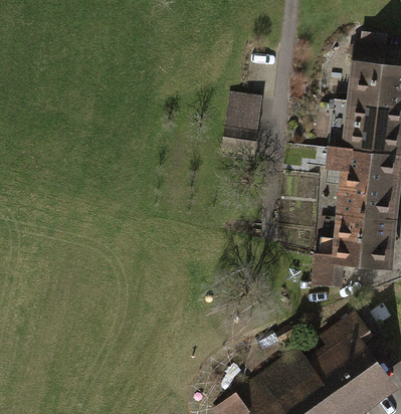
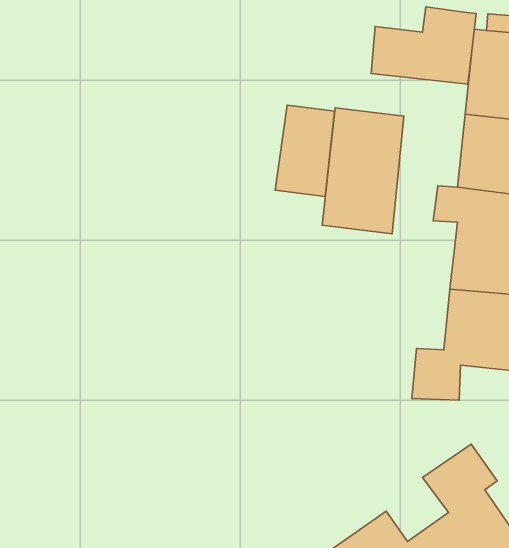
building: none -> [371,7,476,84]
building: none -> [322,108,404,234]

